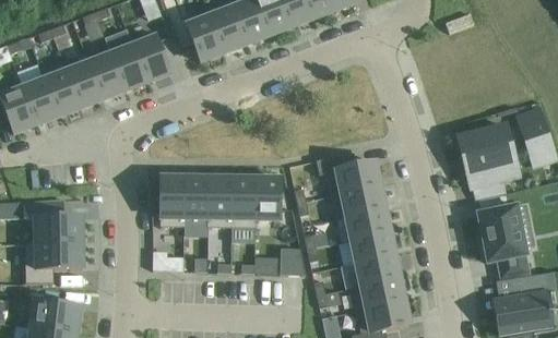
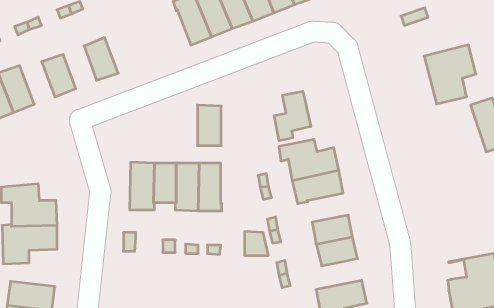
building: [187,15,224,61] -> none
building: [130,32,170,82] -> none
building: [90,53,124,98] -> none
building: [40,60,81,114] -> none
building: none -> [274,91,311,141]
building: [459,124,513,186] -> [424,45,476,104]
building: [256,177,281,219] -> [197,105,221,146]
building: [475,205,531,279] -> none
building: [336,208,390,241] -> none
building: [351,277,404,310] -> none

